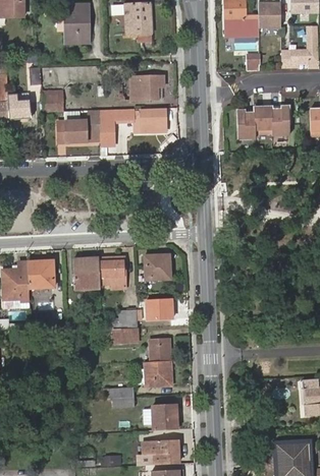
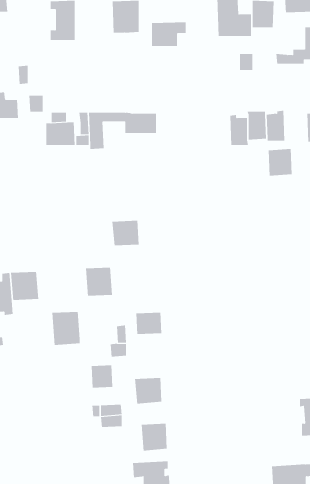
building: [130,73,164,97] -> [151,22,186,46]
building: none -> [268,148,292,177]
building: [143,253,169,278] -> [112,220,139,246]
building: [72,256,100,289] -> [52,311,80,346]
building: [149,339,170,361] -> [91,365,113,388]

